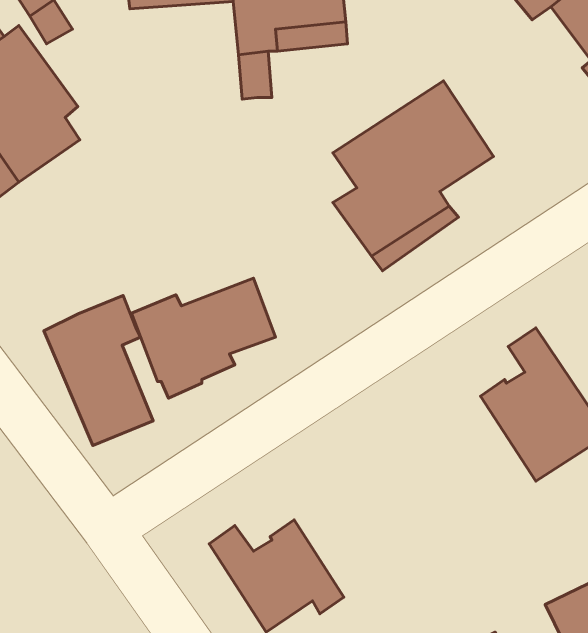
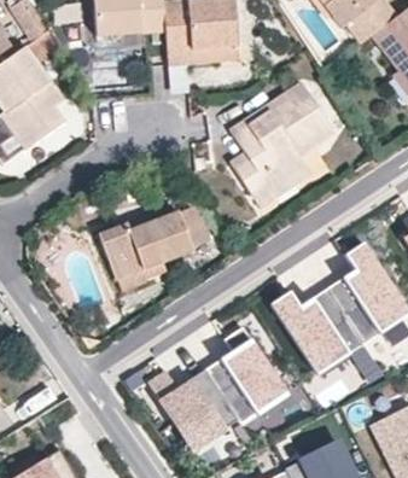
building: [44,296,153,445] -> none
building: none -> [270,288,363,375]
building: none -> [205,327,286,424]

